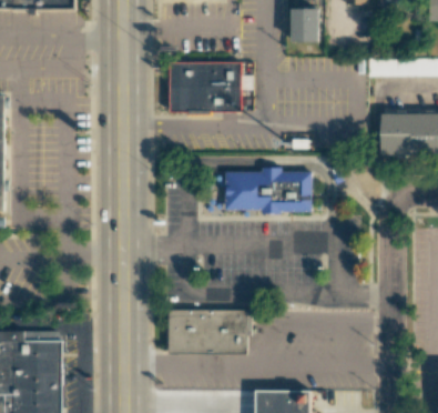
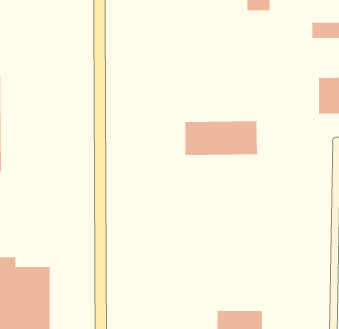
building: [169,61,240,111] -> none
building: [167,308,246,352] -> none

